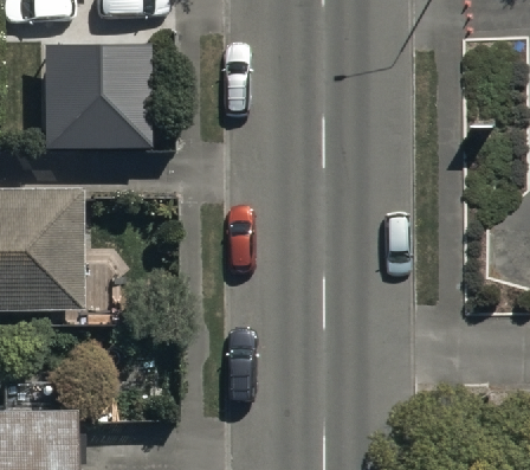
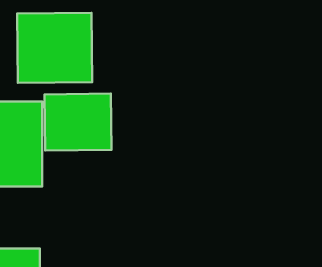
building: none -> [45,94,112,151]

